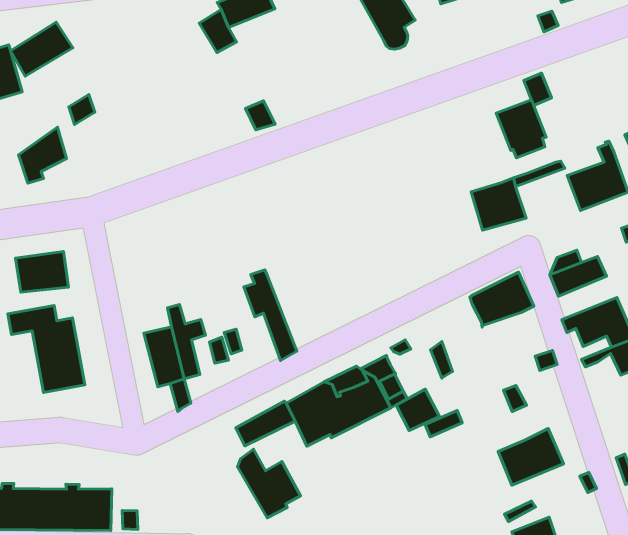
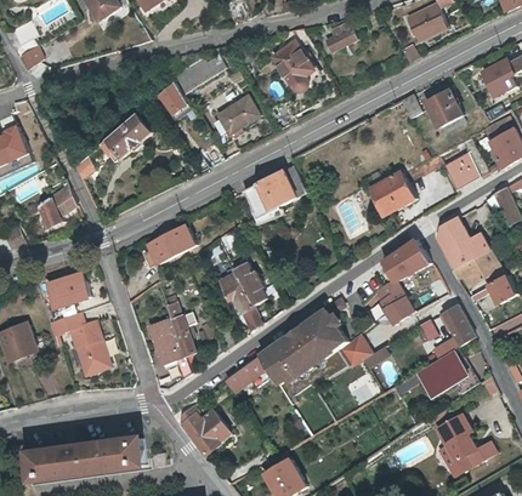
building: [11,22,73,76] -> [103,113,148,155]
building: none -> [216,98,259,136]
building: [496,100,546,158] -> [424,89,463,132]
building: none -> [242,164,306,216]
building: none -> [146,223,193,262]
building: none -> [232,261,268,320]
building: none -> [446,234,488,268]
building: none -> [376,280,413,326]
building: none -> [433,303,473,361]
building: [238,449,300,518] -> [177,407,226,456]

